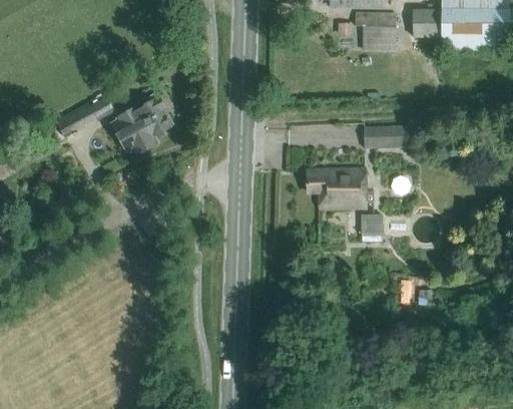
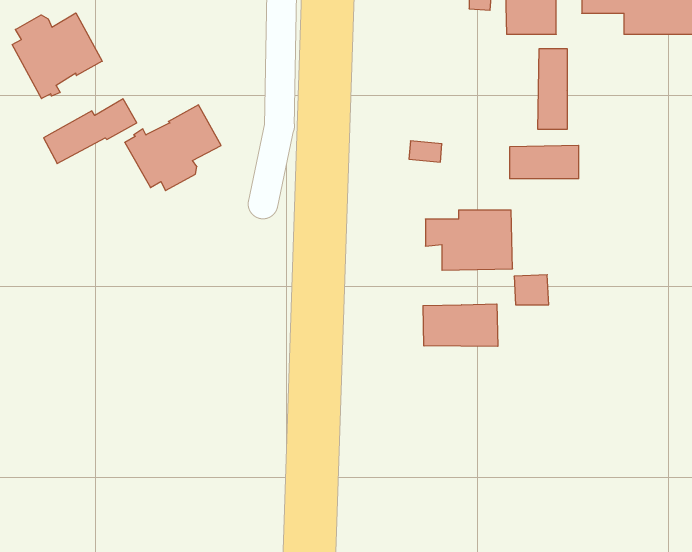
building: none -> [12,13,102,99]
building: none -> [538,49,567,129]
building: none -> [423,304,498,346]

